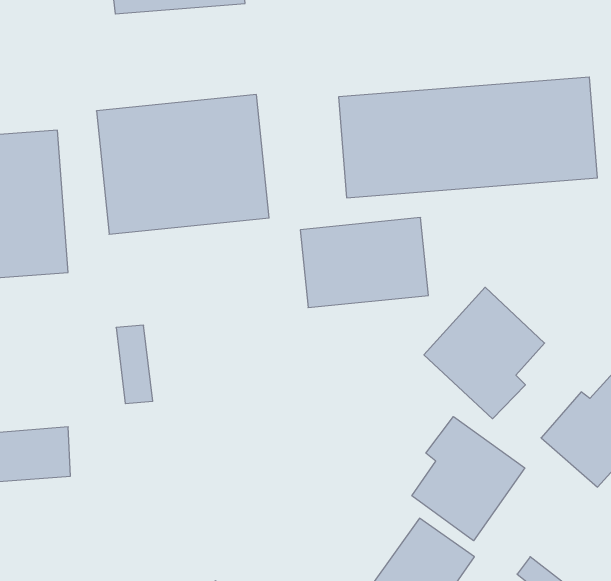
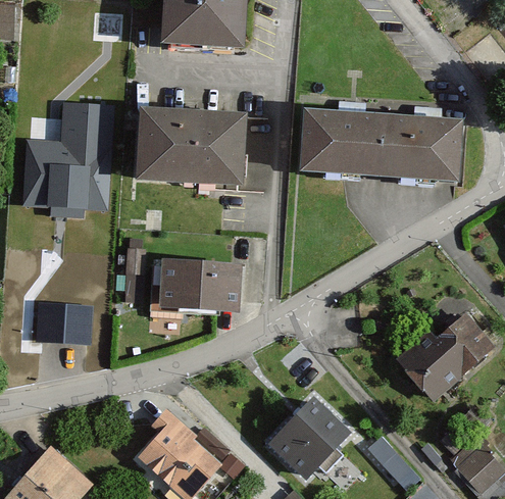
building: [300,218,428,308] -> [160,257,243,312]
building: [424,287,545,419] -> none
building: [412,417,525,541] -> none

